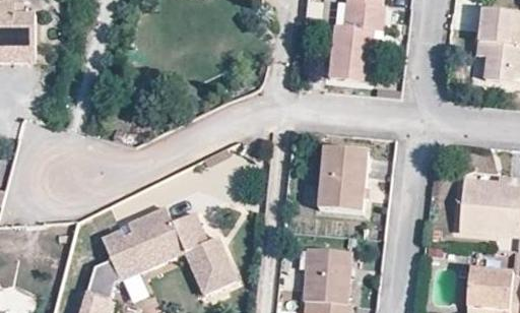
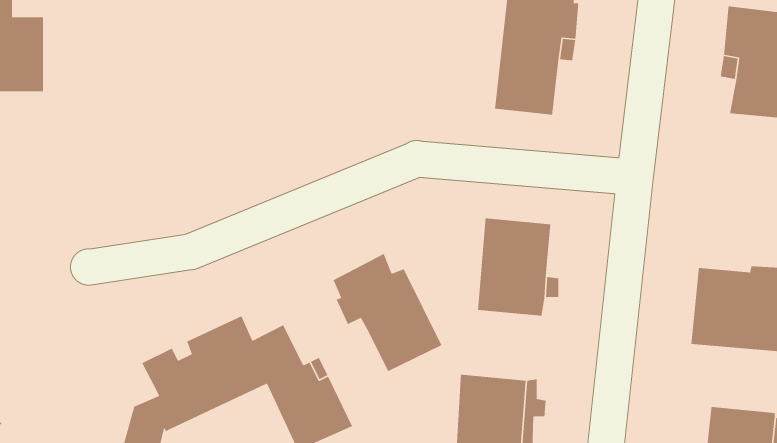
building: none -> [333,253,442,372]

